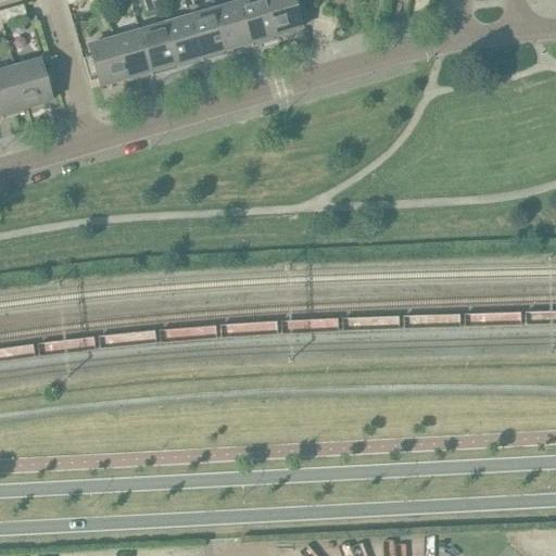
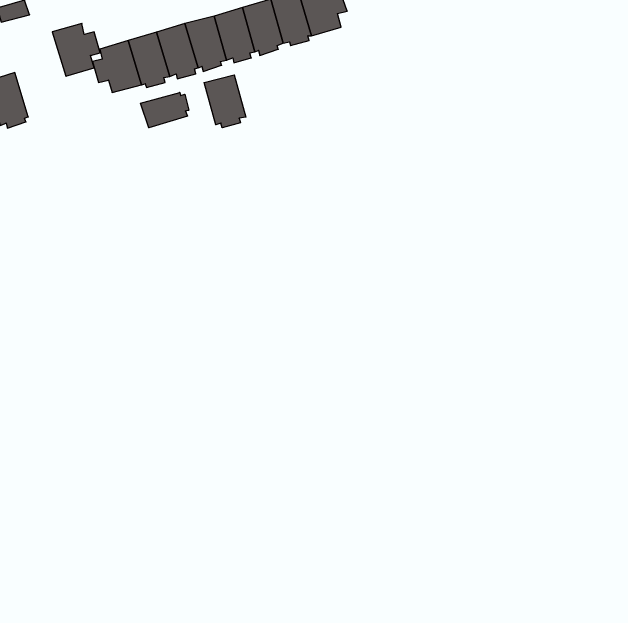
building: [13,56,55,103] -> [52,23,100,76]
building: none -> [204,75,246,128]
building: none -> [141,92,189,128]

